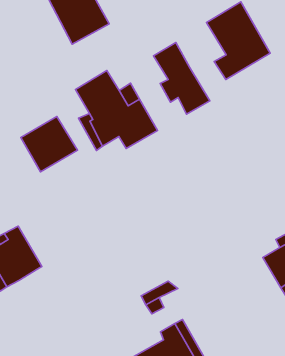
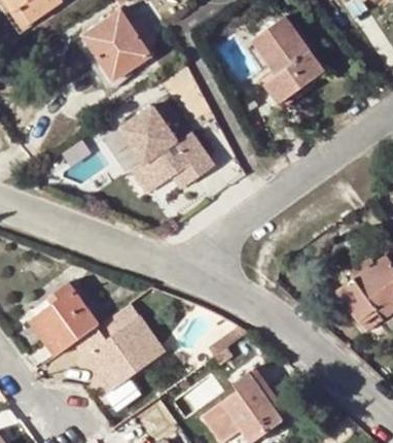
building: [153,42,210,114] -> none
building: [21,117,77,172] -> none
building: none -> [76,303,165,389]

